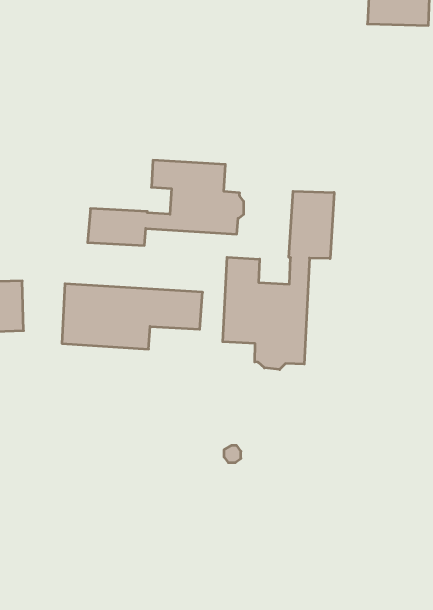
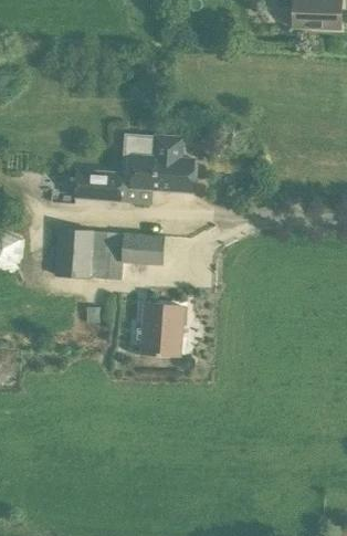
building: [223,191,334,370] -> none
building: none -> [136,304,182,356]

